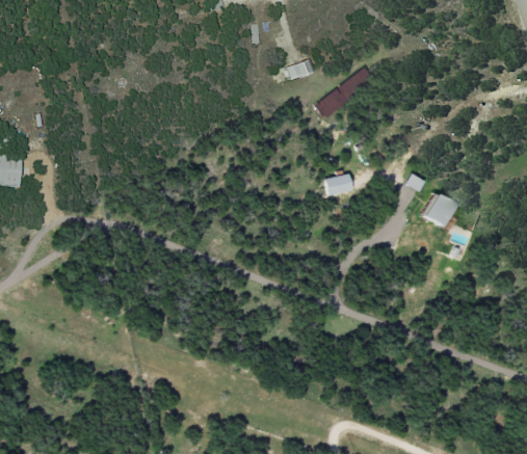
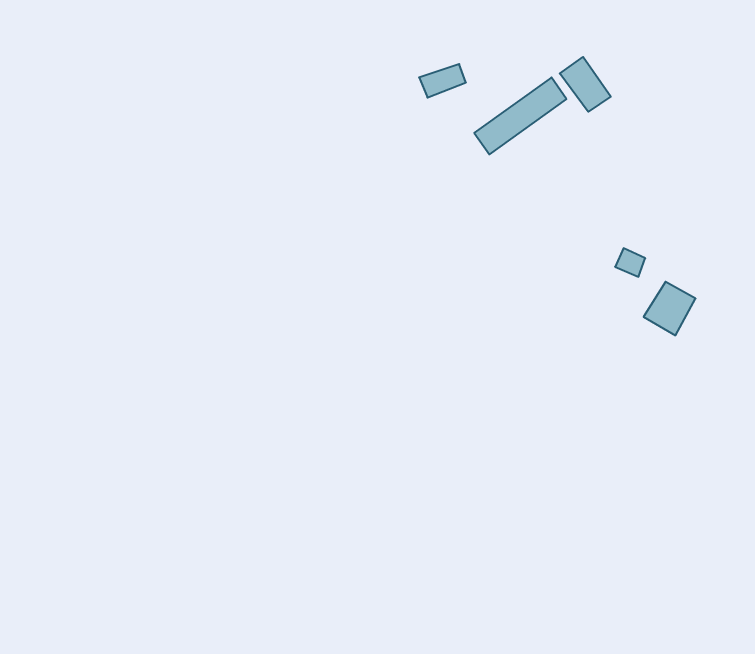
building: none -> [560,57,611,112]
building: [324,173,352,195] -> none

